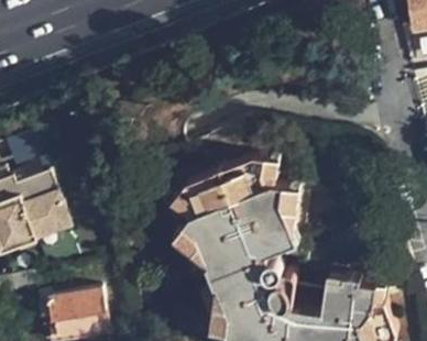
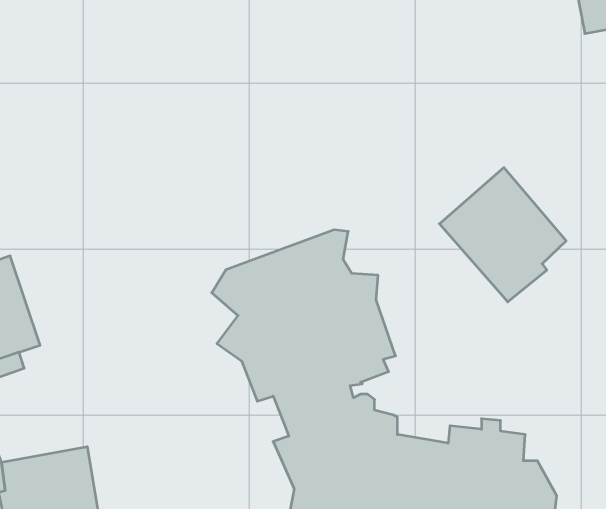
building: none -> [439,168,566,302]

